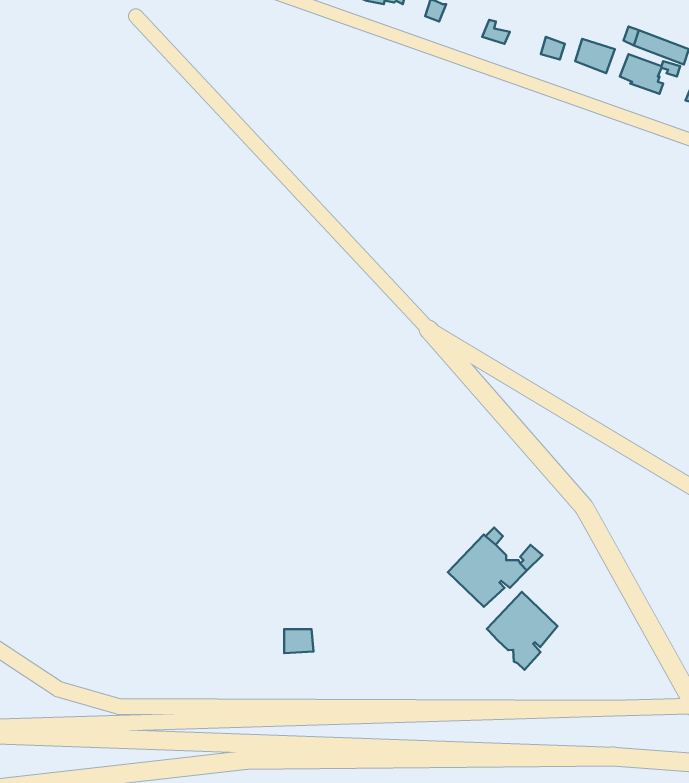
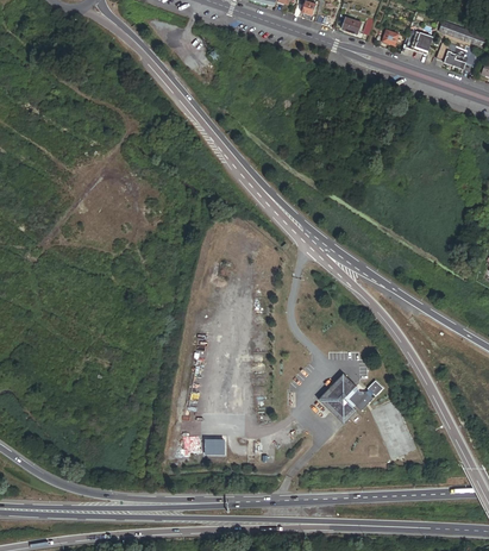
building: [487,592,558,670] -> none

